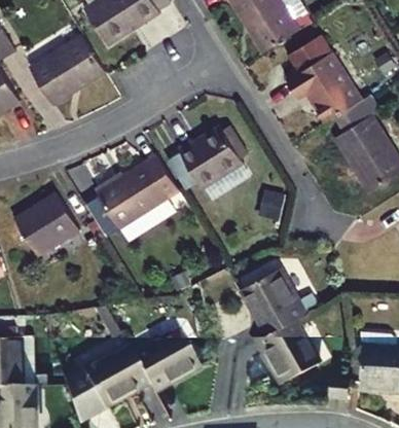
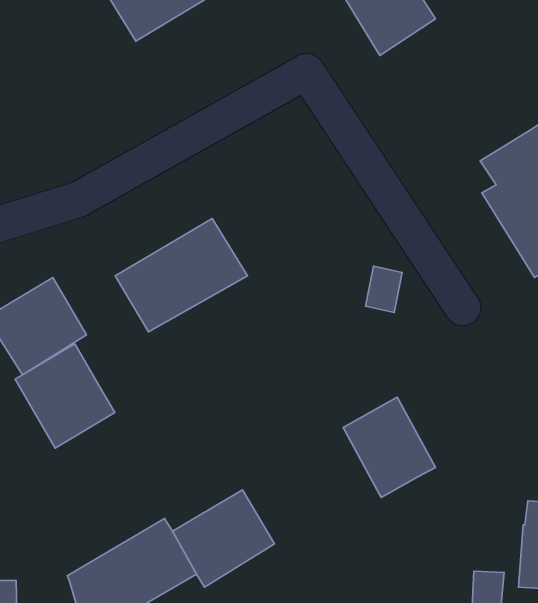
building: [291,33,365,121] -> none
building: [34,35,109,102] -> none
building: [178,129,244,188] -> none
building: none -> [15,344,115,448]
building: [258,322,317,387] -> none

